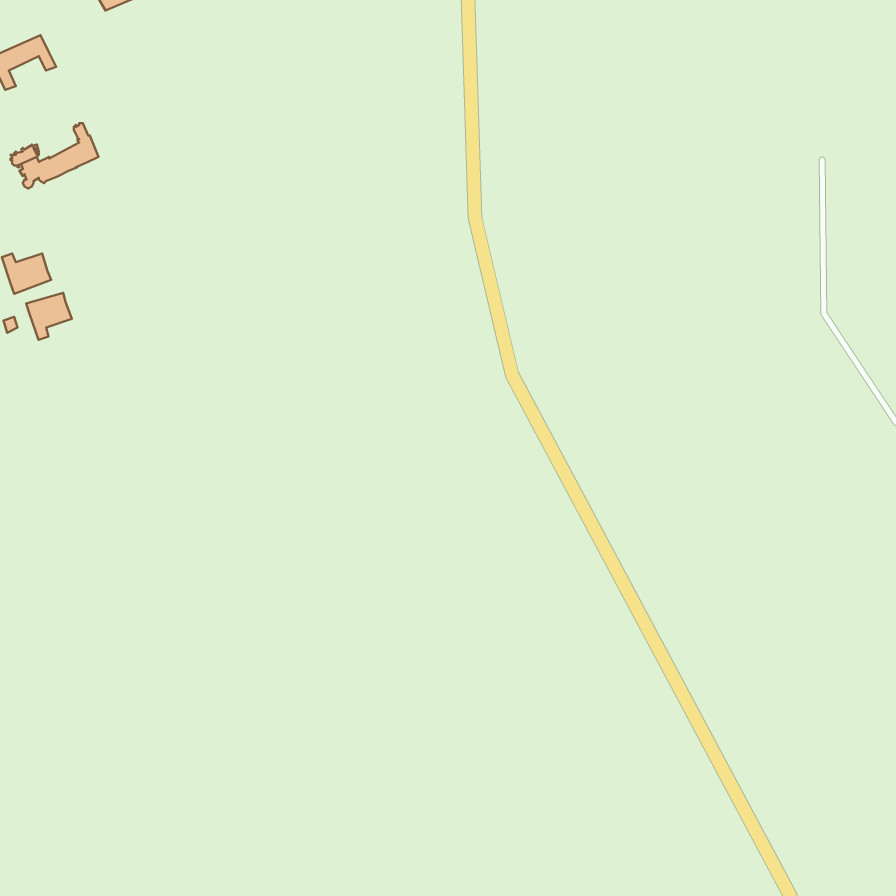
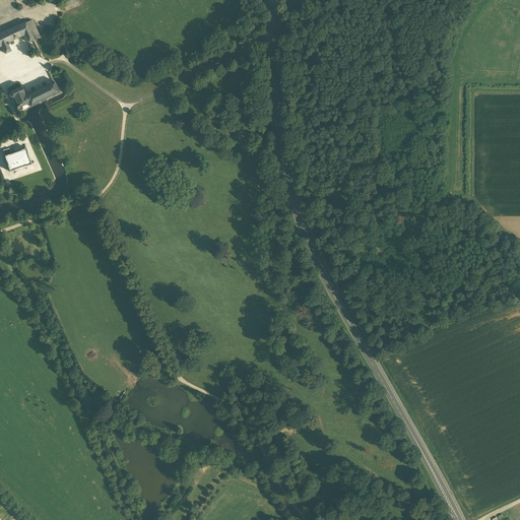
building: [26,293,72,340] -> none

